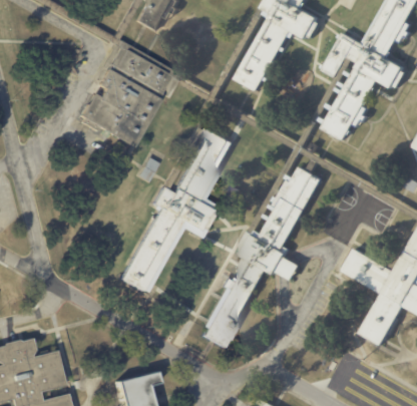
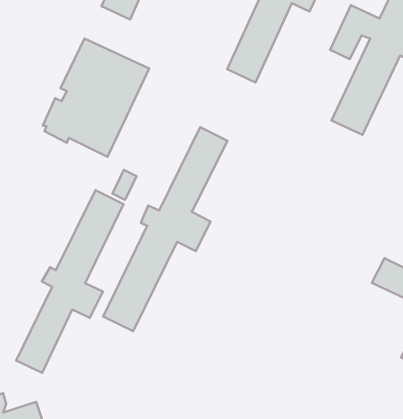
building: [197,166,323,344] -> none
building: none -> [16,190,124,373]

